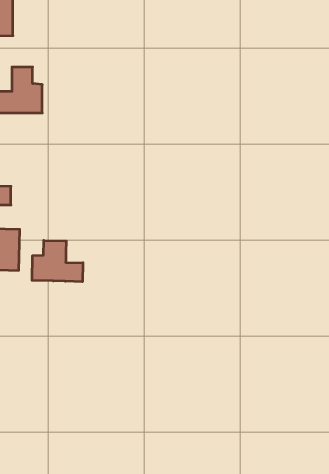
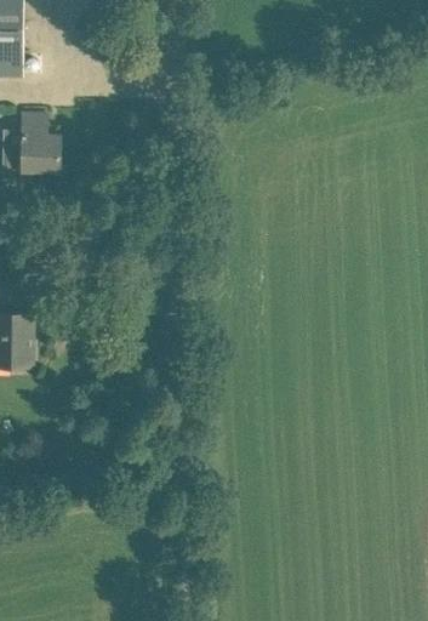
building: [32,240,83,282] -> none

